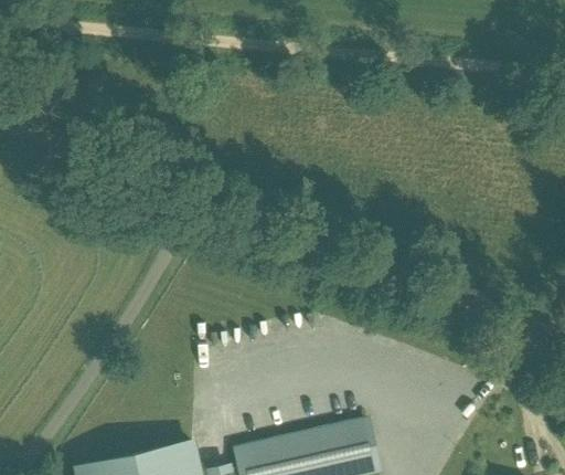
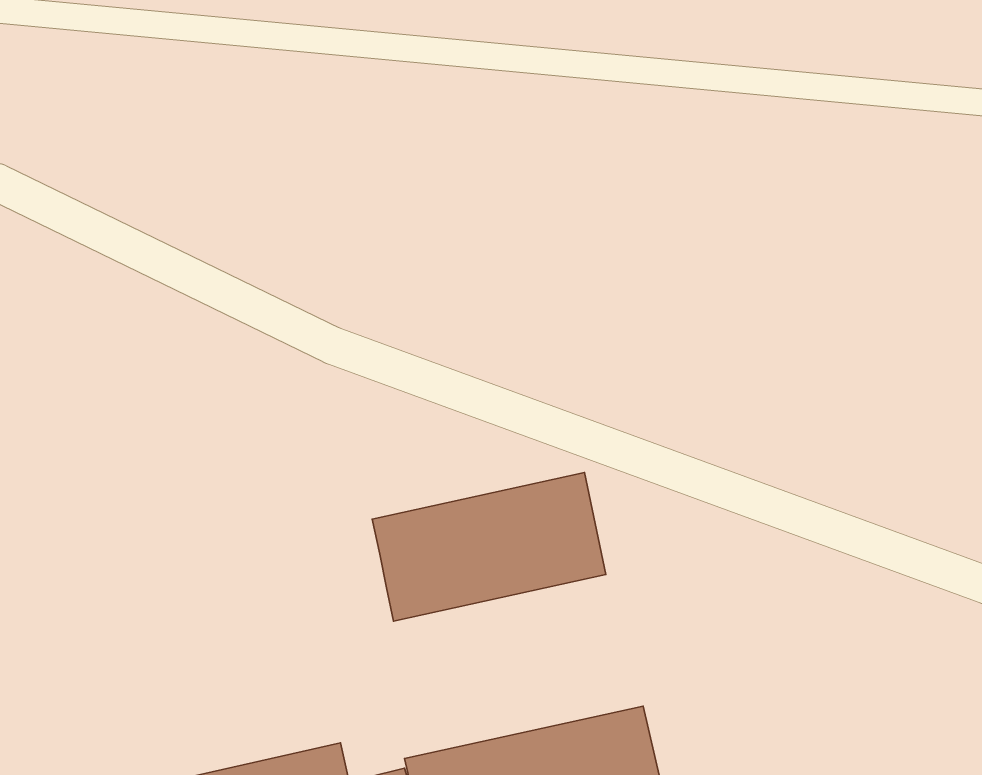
building: none -> [372,472,606,621]

